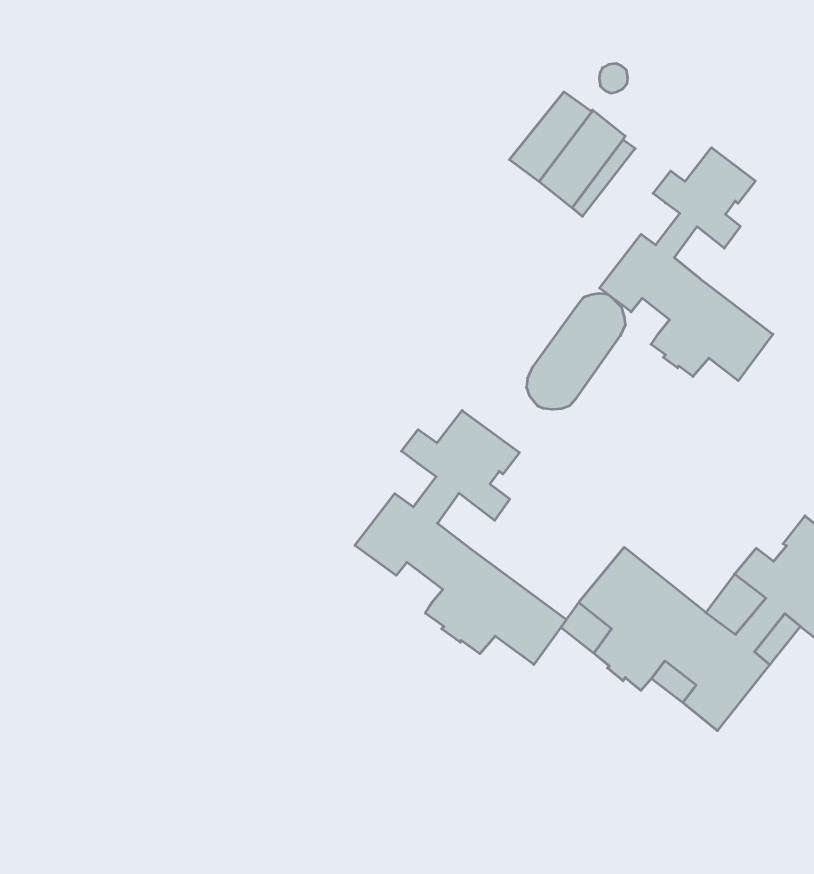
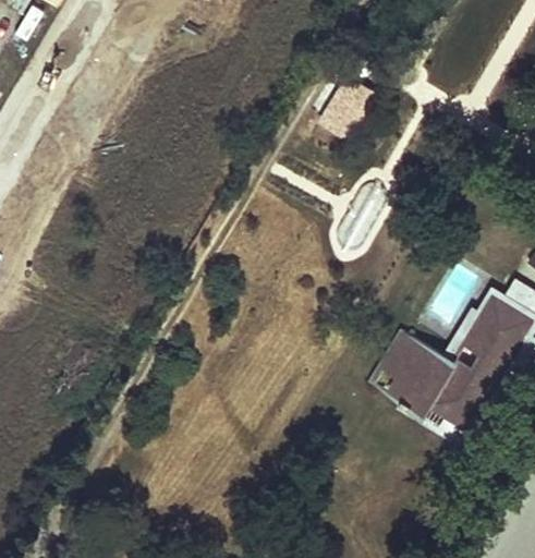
building: [600,148,773,381] -> none
building: [355,410,566,665] -> none

